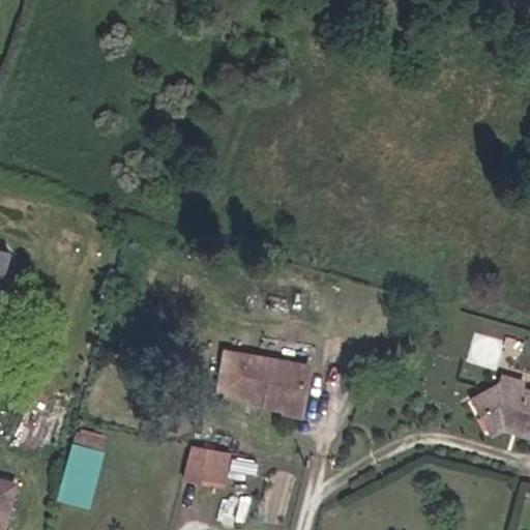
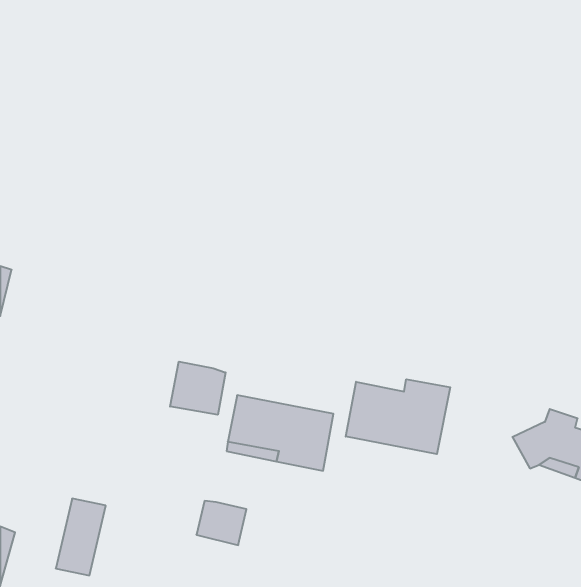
building: none -> [170,362,226,415]
building: none -> [346,379,450,454]

